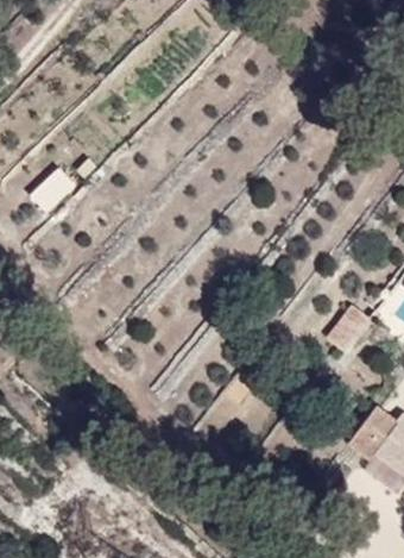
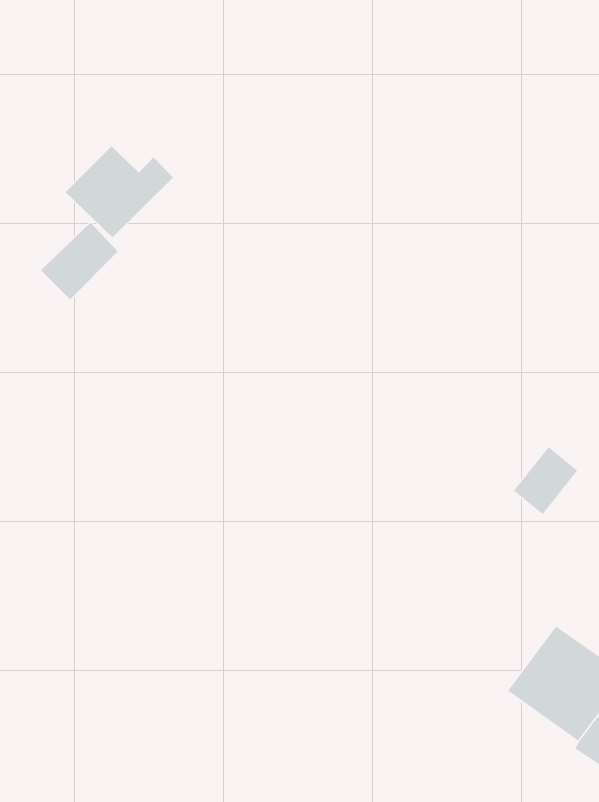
building: none -> [65,146,174,238]

